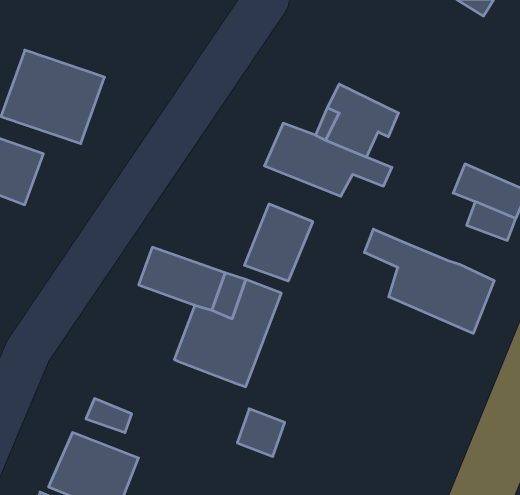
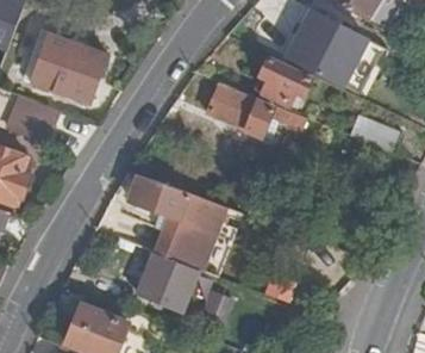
building: none -> [281,10,368,92]
building: [244,204,313,281] -> none
building: [364,229,494,333] -> none
building: none -> [139,254,195,310]

